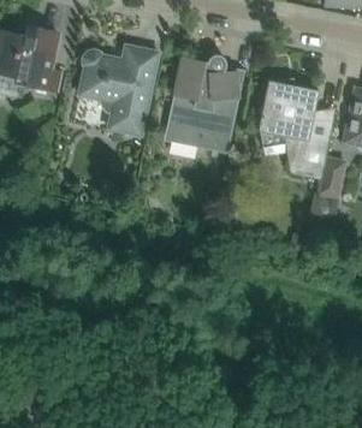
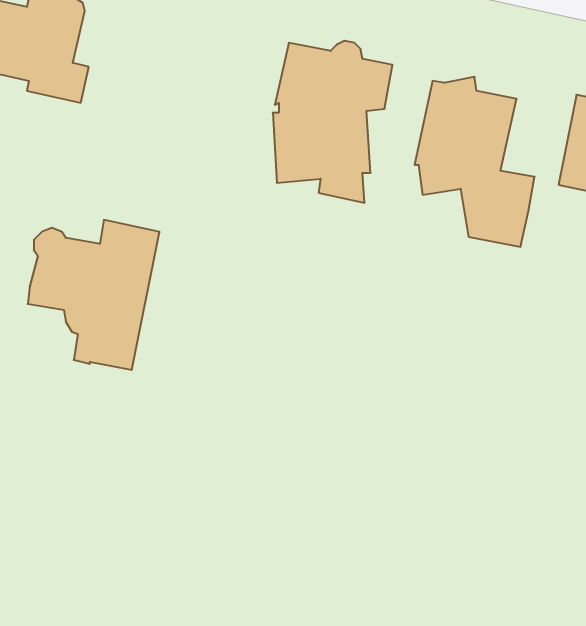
building: [79,44,159,135] -> [28,220,160,370]
building: [310,157,344,233] -> none

